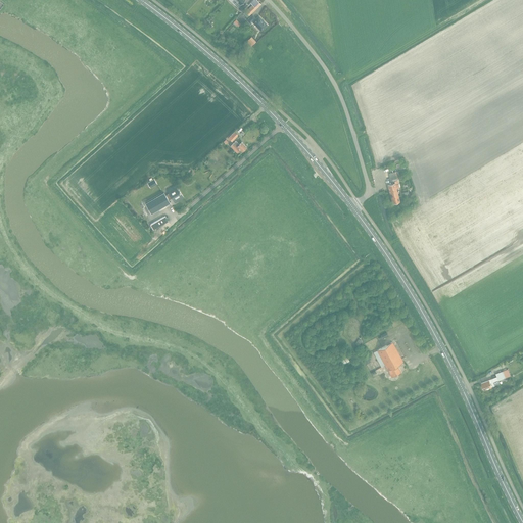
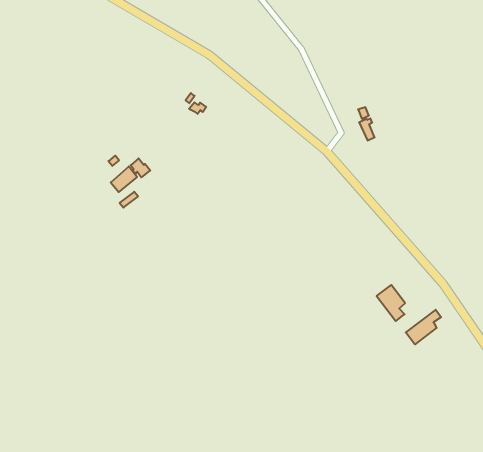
building: none -> [406,310,441,344]

